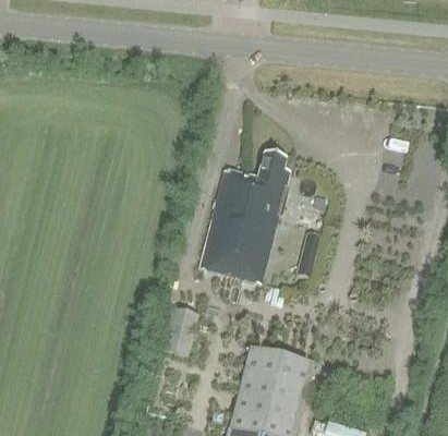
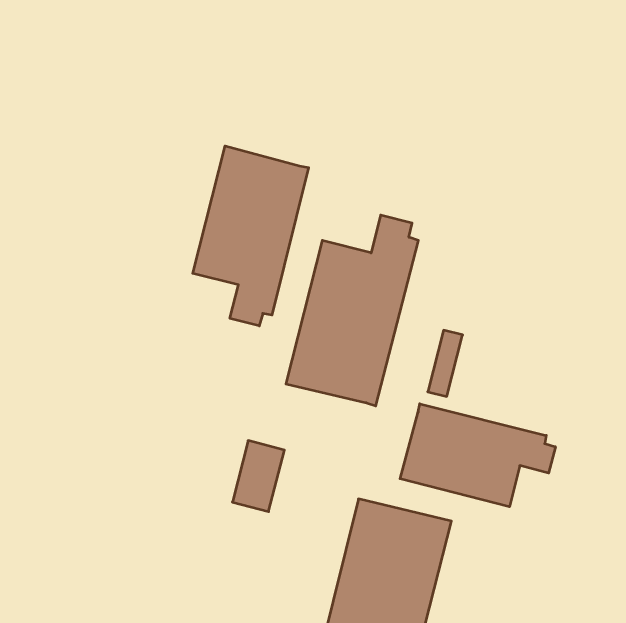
building: none -> [193,146,309,326]
building: none -> [400,404,555,507]

